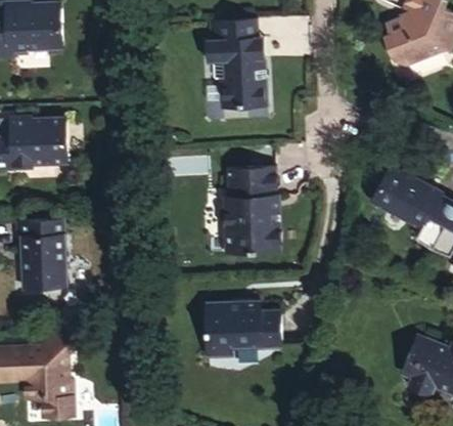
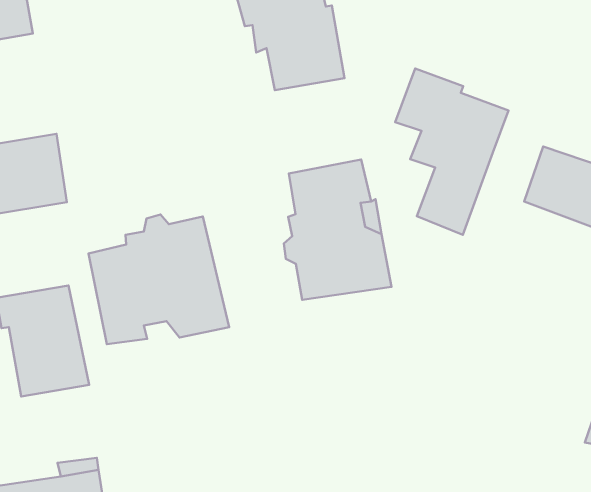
building: none -> [395,68,509,235]
building: none -> [88,215,229,344]
building: [201,296,280,352] -> none

